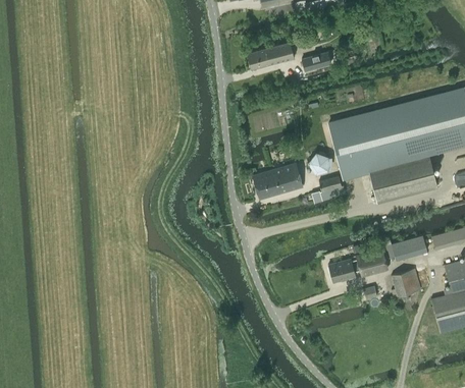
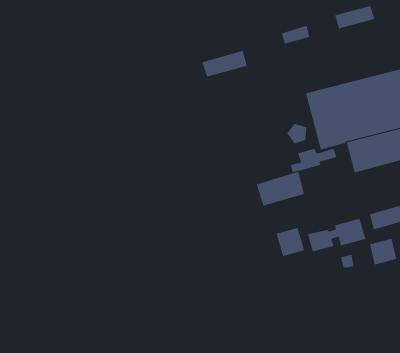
building: none -> [334,5,375,29]
building: [247,42,294,69] -> [202,50,247,77]
building: [252,163,302,199] -> [256,171,305,206]
building: none -> [276,227,305,257]

